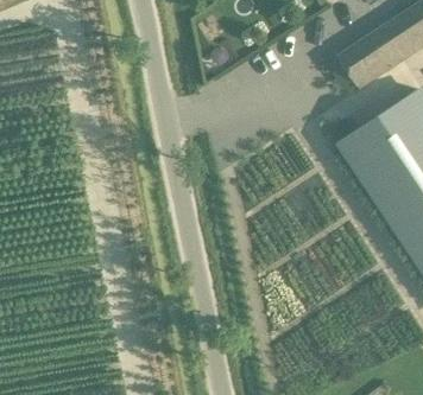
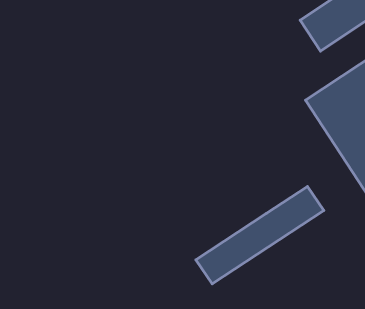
building: none -> [196,186,324,284]

